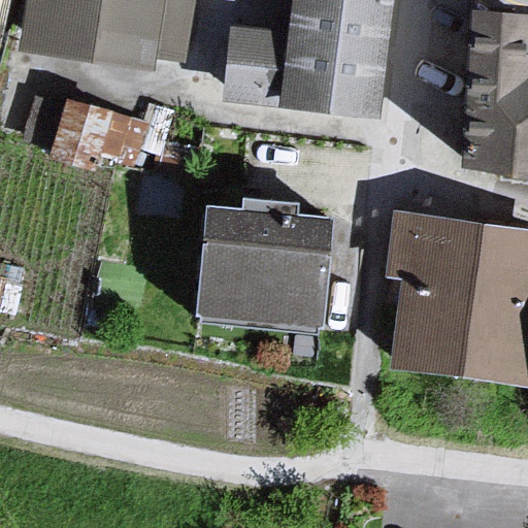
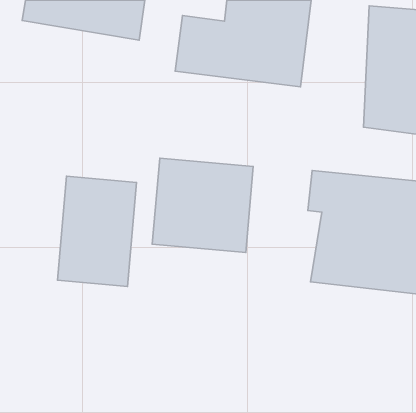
building: [54,94,136,163] -> none
building: none -> [57,176,137,287]

